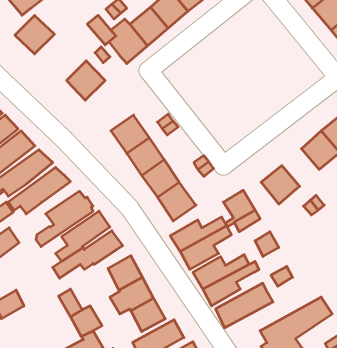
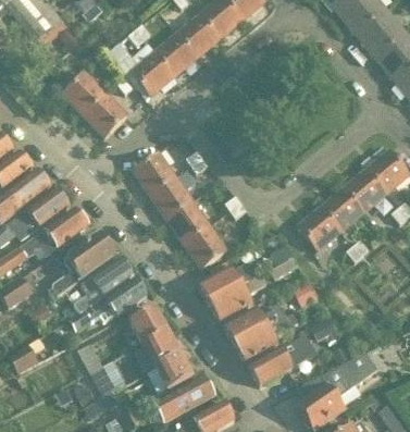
building: [15,15,54,54] -> [63,71,107,113]
building: none -> [322,188,363,230]

